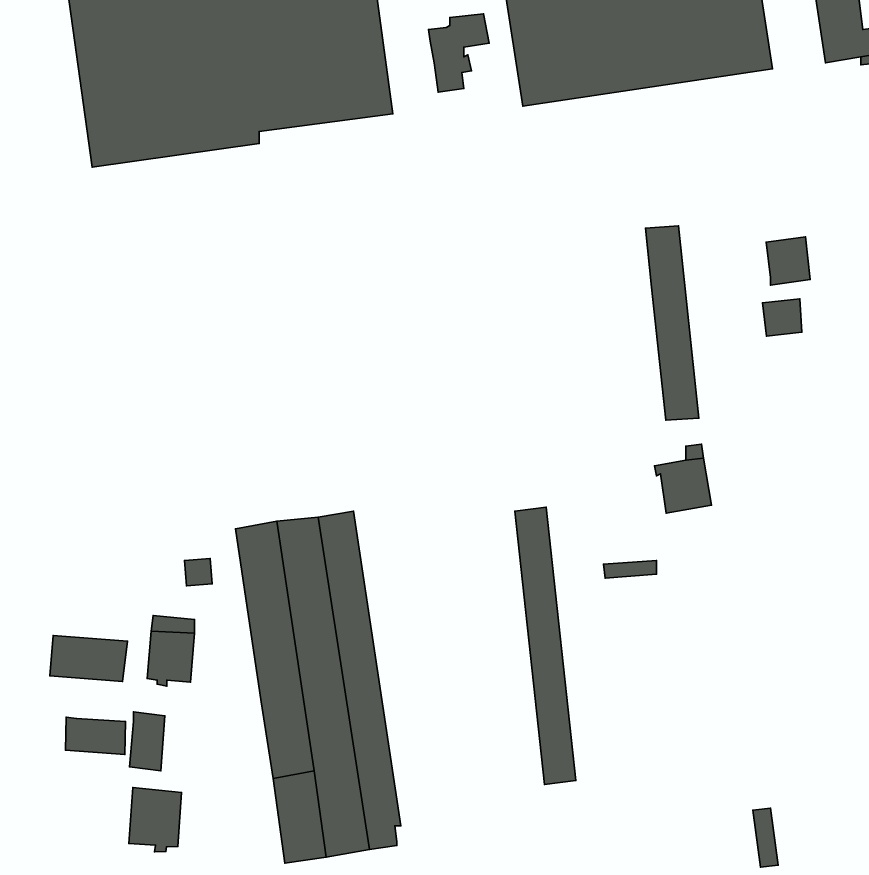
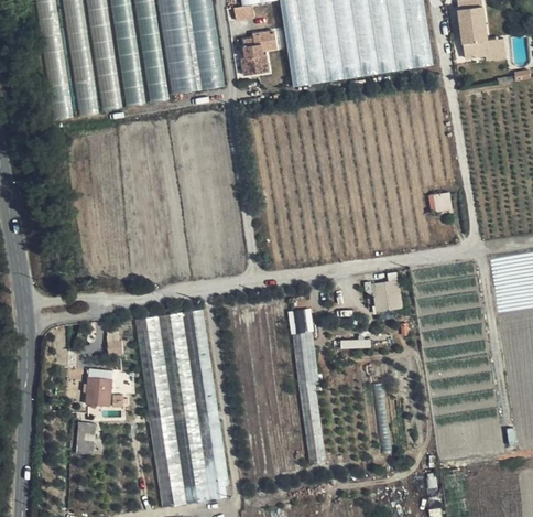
building: [646,226,699,420] -> none
building: [766,237,810,285] -> none
building: [50,635,127,682] -> none
building: [65,717,125,754] -> none
building: [129,787,181,852] -> none

